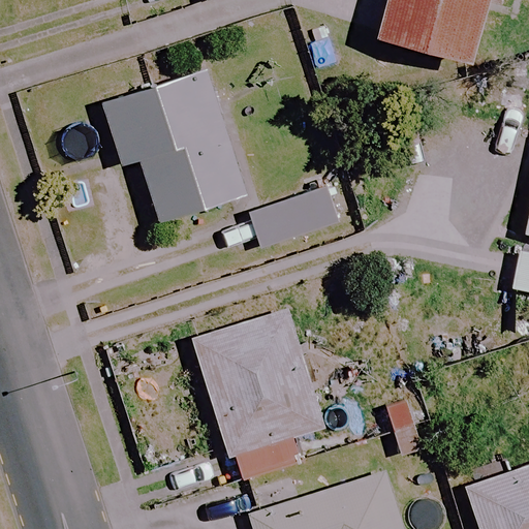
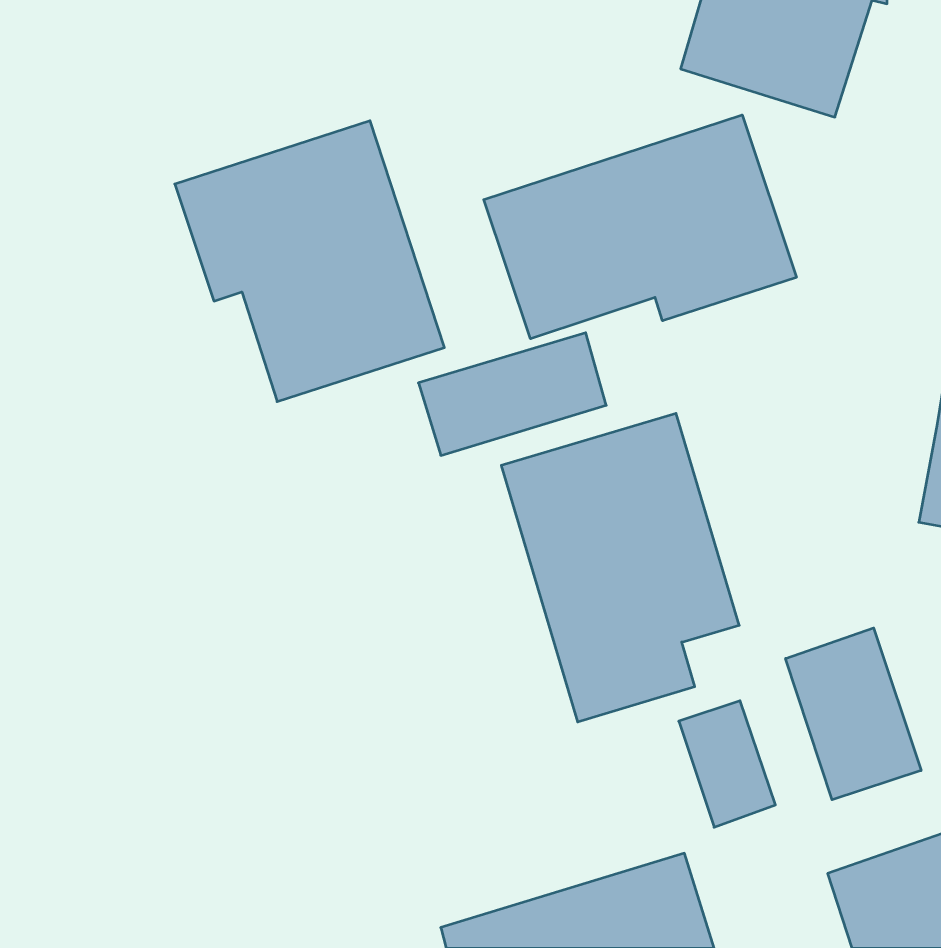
building: none -> [484,115,796,339]
building: [192,311,324,483] -> [501,413,739,722]
building: none -> [786,628,921,800]

